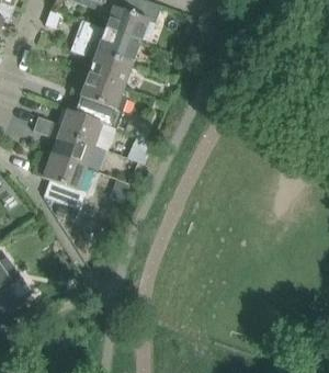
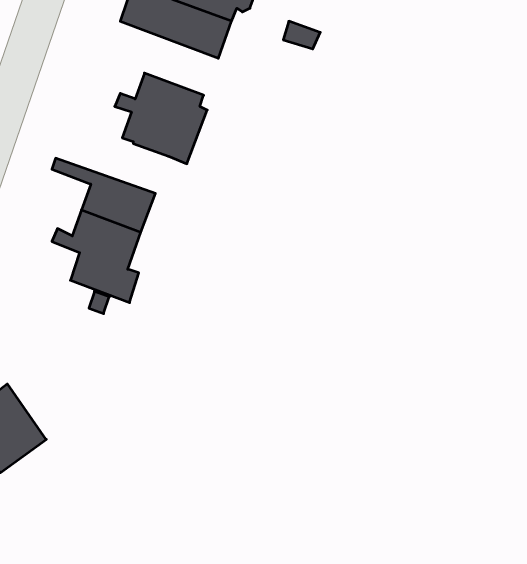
building: [70,42,132,86] -> none
building: [35,106,113,148] -> none

